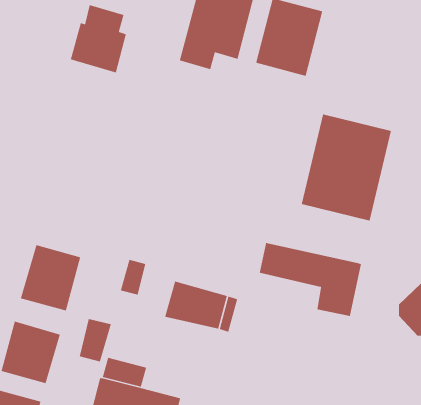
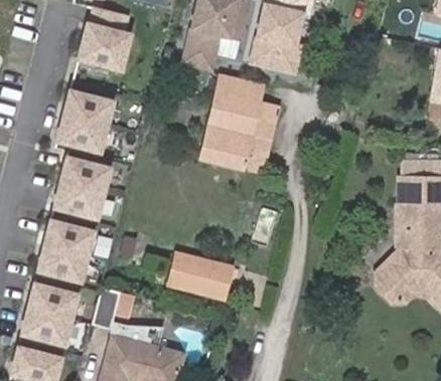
building: none -> [62,91,117,151]
building: [301,114,392,222] -> [200,75,281,171]
building: none -> [58,158,112,218]
building: [259,242,362,317] -> none

